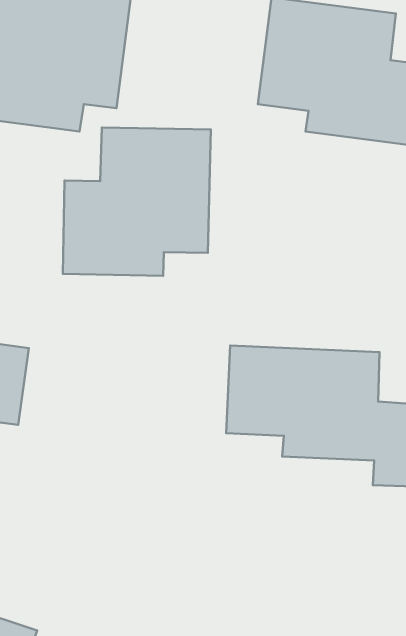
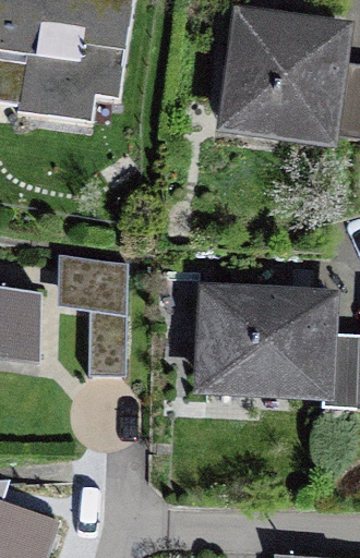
building: [63,127,211,276] -> none
building: none -> [61,253,123,373]

